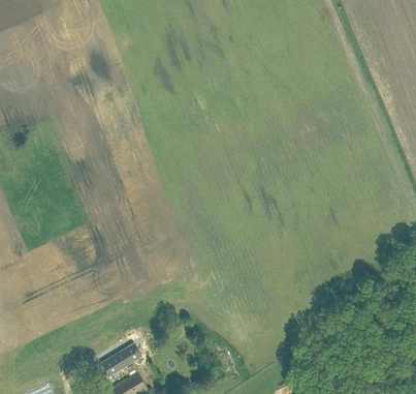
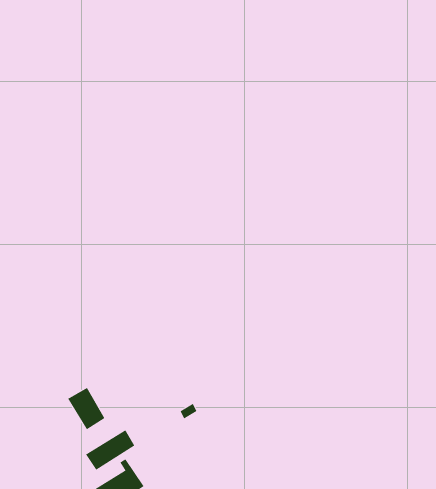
building: none -> [68,387,105,430]

